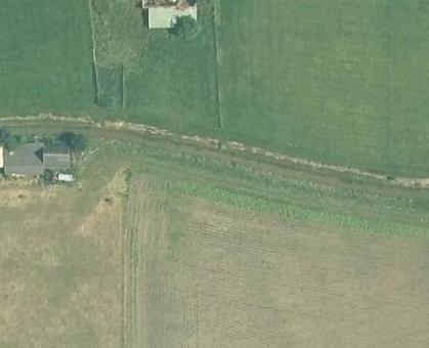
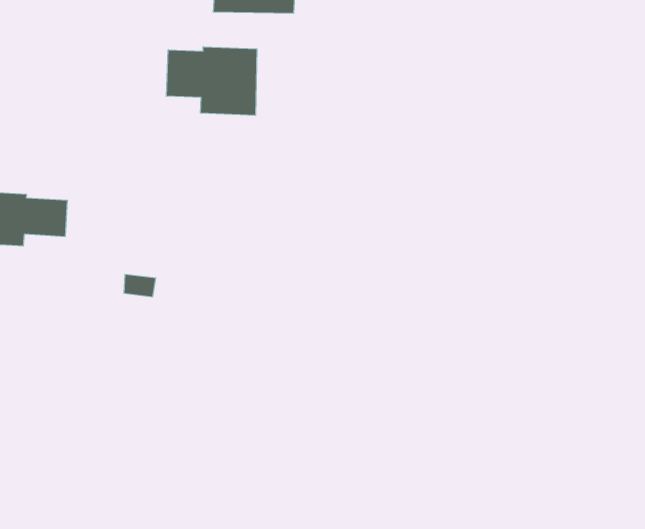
building: none -> [166,47,257,115]

